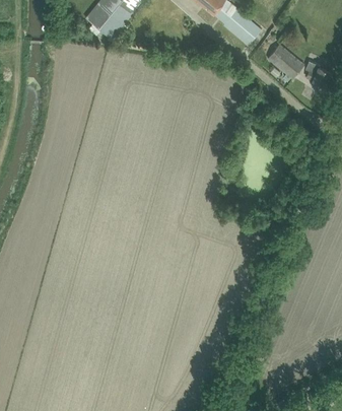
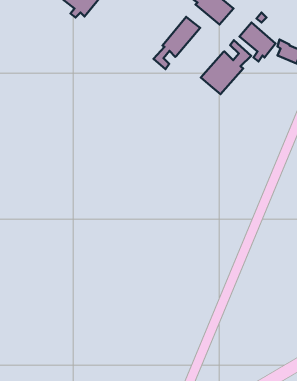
building: none -> [153,17,200,69]
building: none -> [201,40,251,94]

